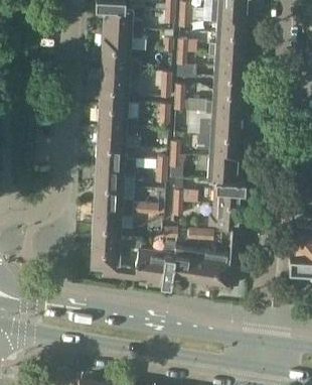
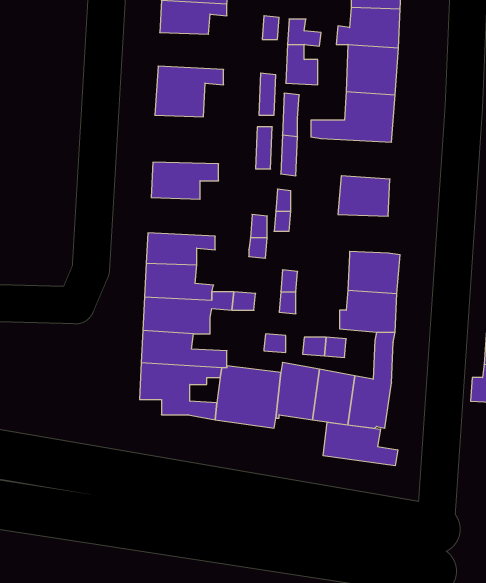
building: [102,47,142,70] -> none
building: [99,97,139,126] -> none
building: [198,111,242,135] -> none
building: [96,146,137,169] -> none
building: [208,156,240,180] -> none
building: none -> [323,422,398,466]

